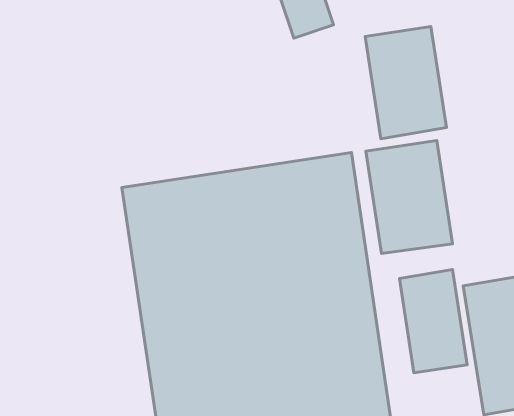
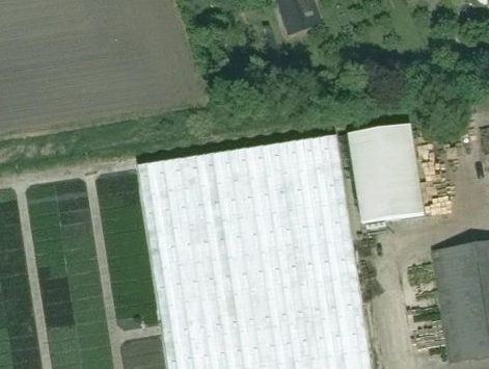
building: [365,27,446,139] -> none
building: [399,269,467,373] -> none

